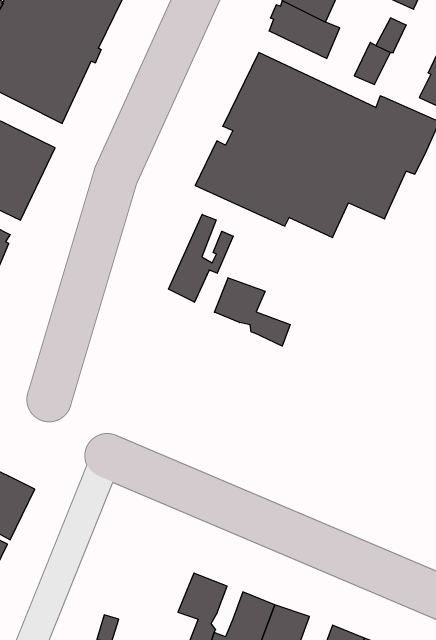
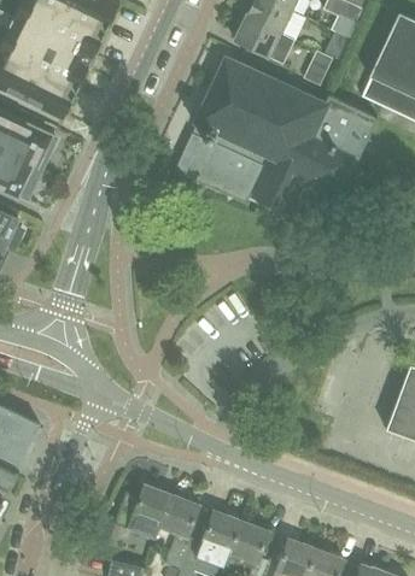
building: [169,214,233,302] -> none
building: [214,278,290,346] -> none
building: none -> [115,482,173,537]

